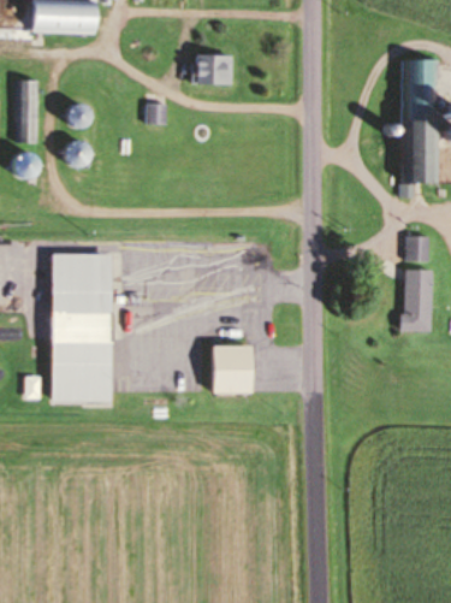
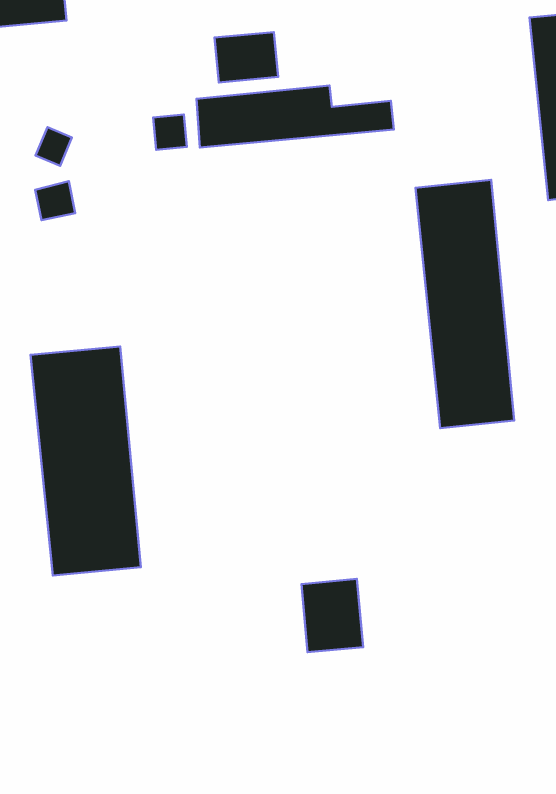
building: none -> [197,85,394,148]
building: none -> [415,180,514,428]
building: [212,347,249,392] -> [301,579,363,652]

